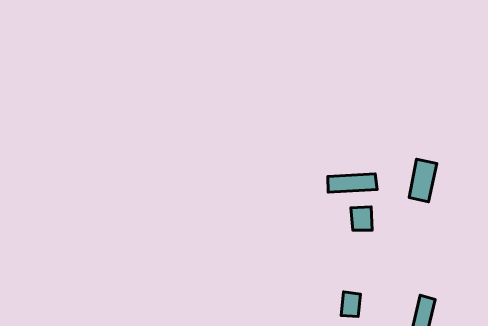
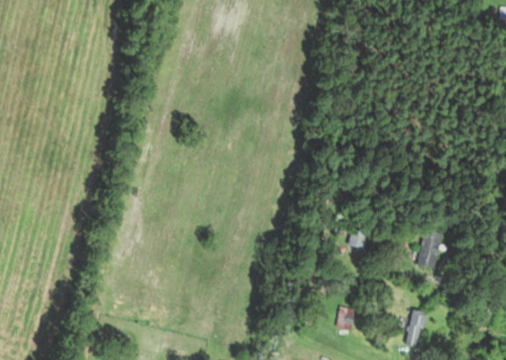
building: [409,159,437,202] -> [417,229,443,269]
building: [328,174,377,192] -> none

